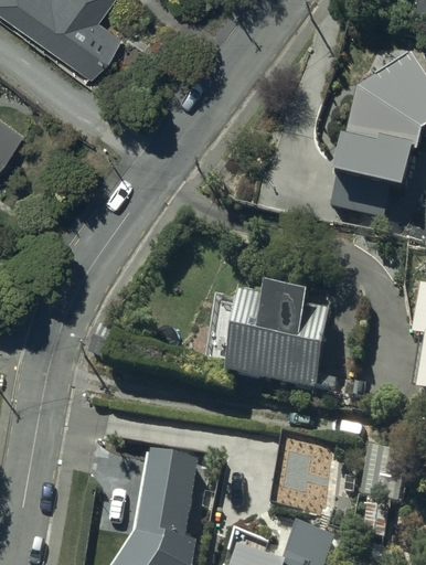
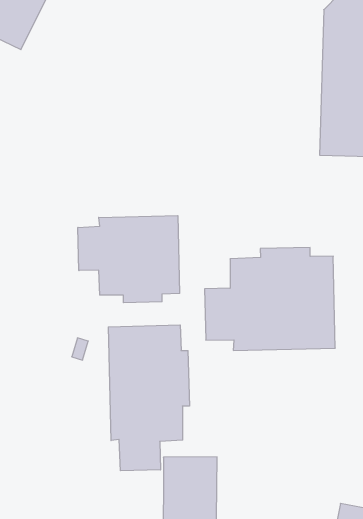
building: none -> [78,216,180,303]
building: none -> [108,325,189,471]

